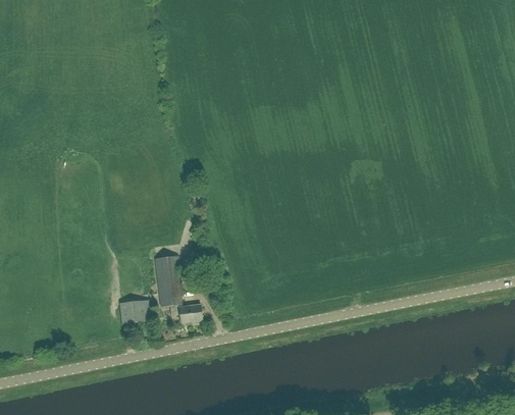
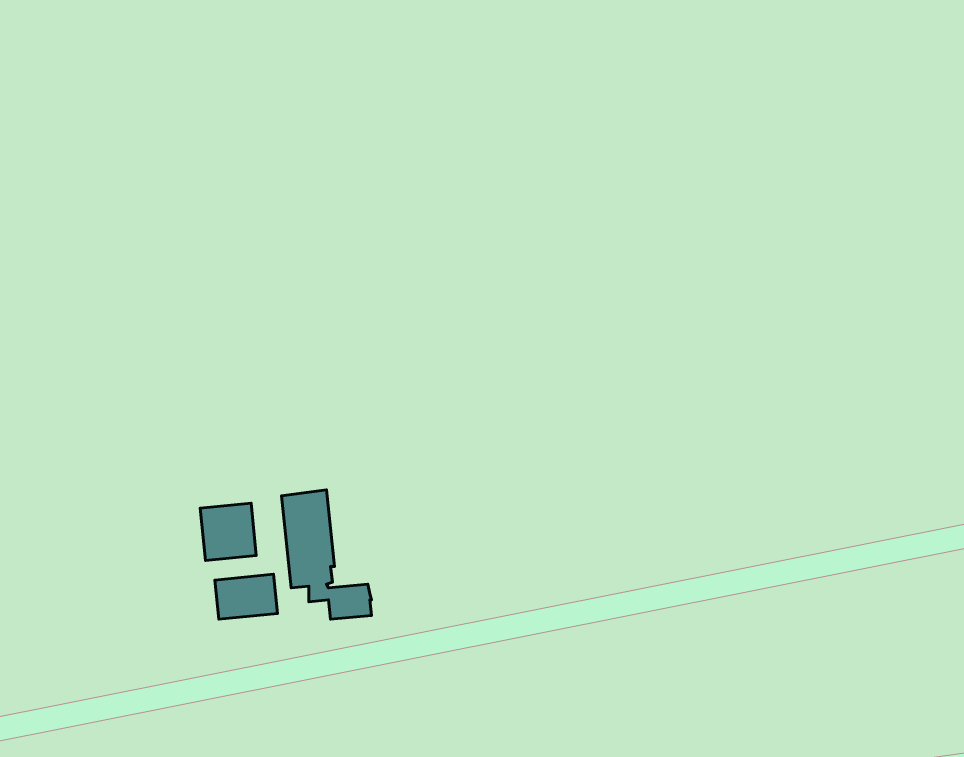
building: none -> [200,503,256,561]

